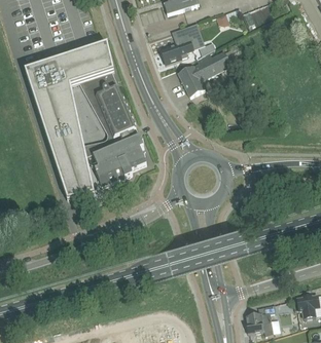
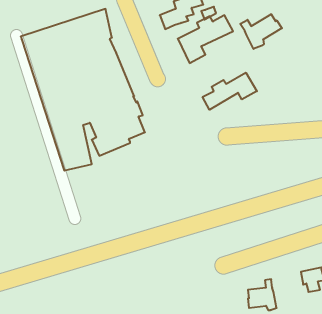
building: none -> [240,14,282,49]
building: none -> [203,73,257,110]

